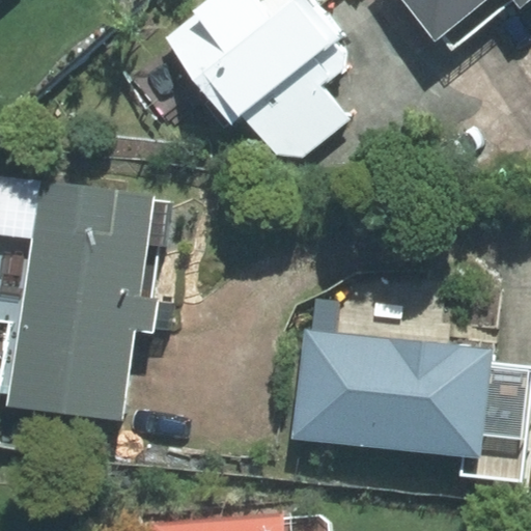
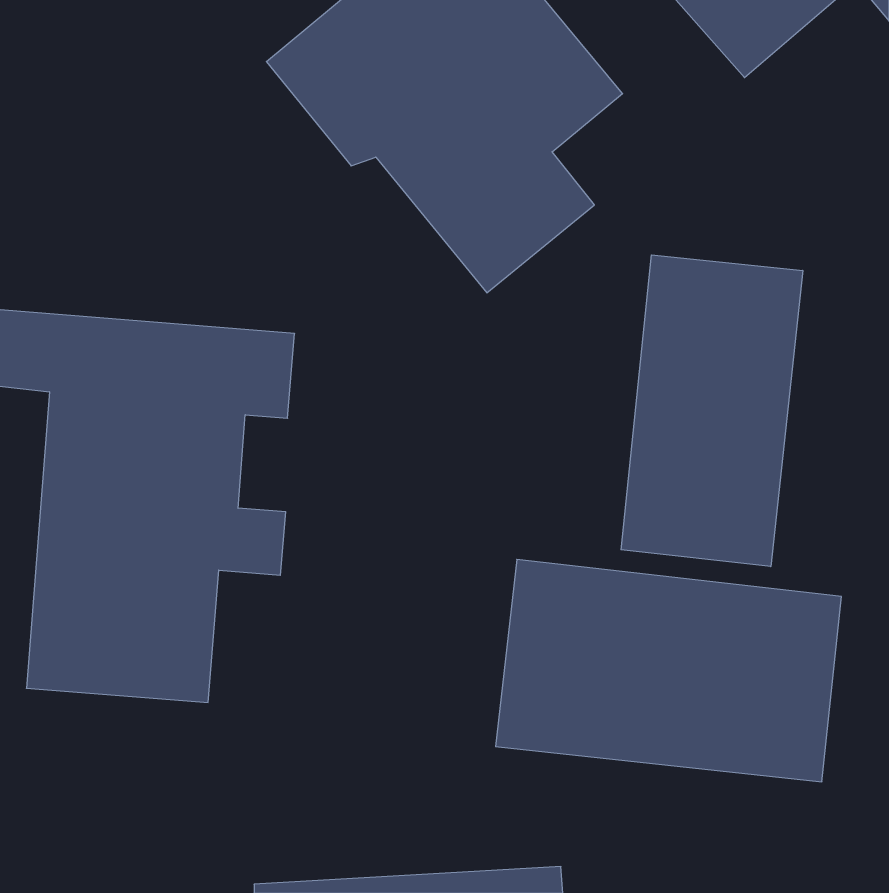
building: none -> [621,255,803,567]

